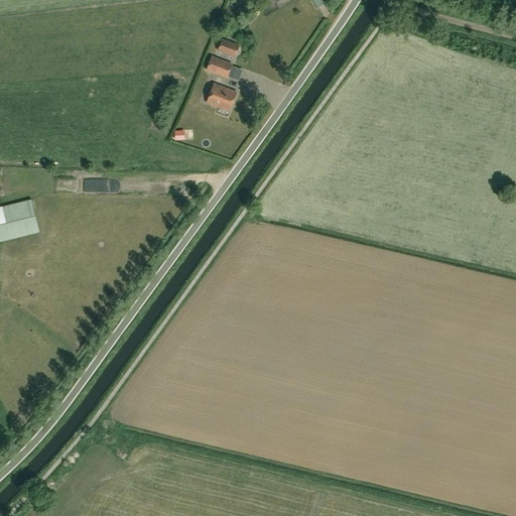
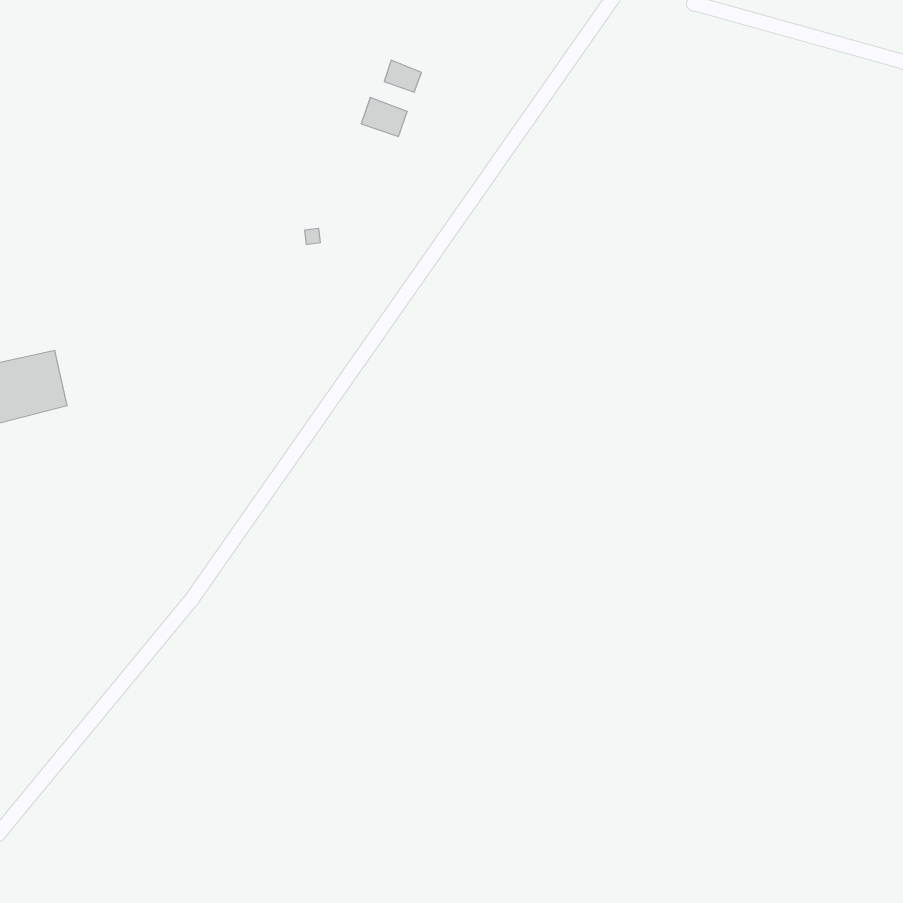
building: [206,84,236,111] -> none

